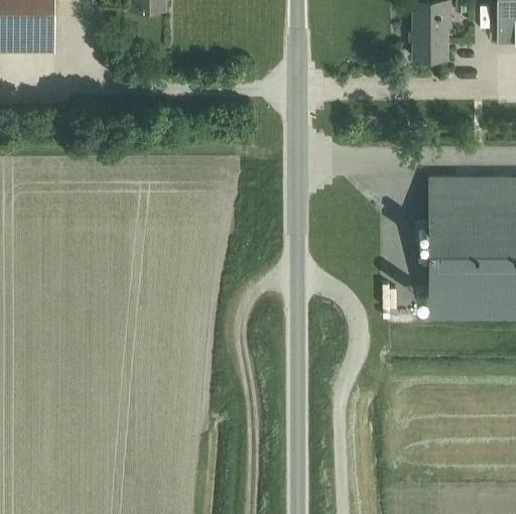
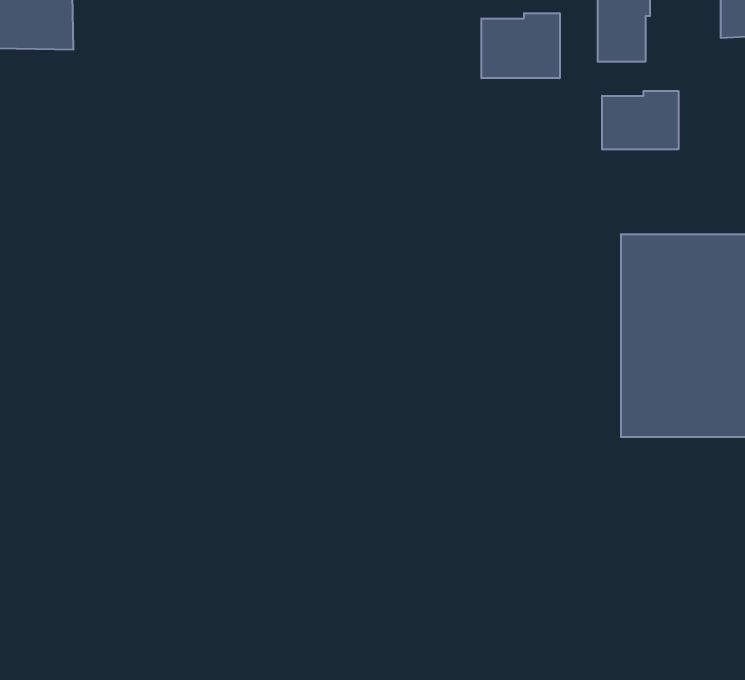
building: none -> [481,13,560,78]
building: none -> [602,91,678,149]

